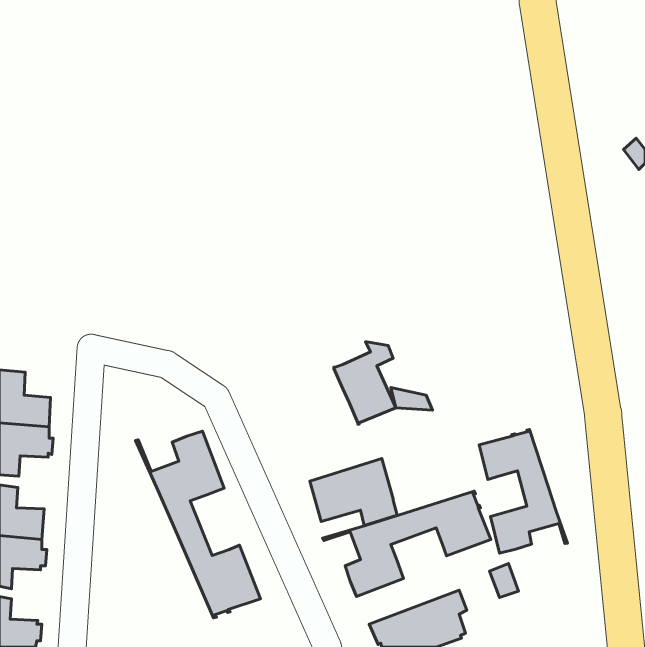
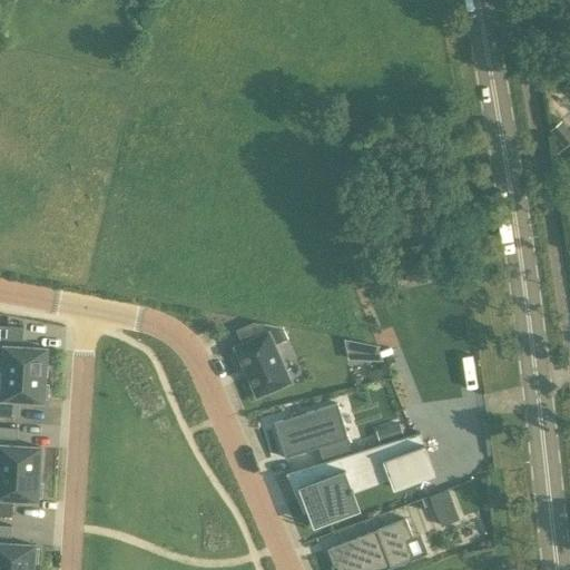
building: [334,342,396,424] -> [234,325,288,397]
building: [479,430,568,553] -> none
building: [135,431,260,618] -> none

